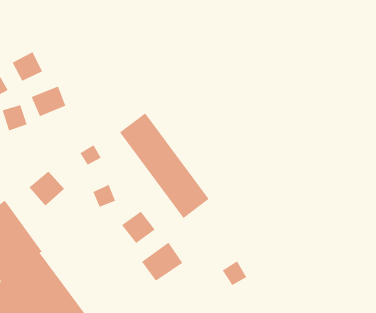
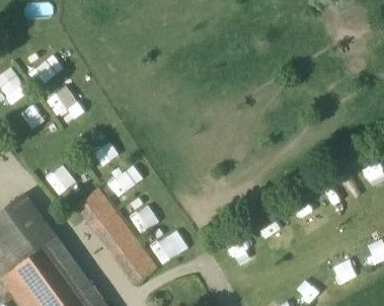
building: [119,113,210,219] -> [74,188,157,286]

